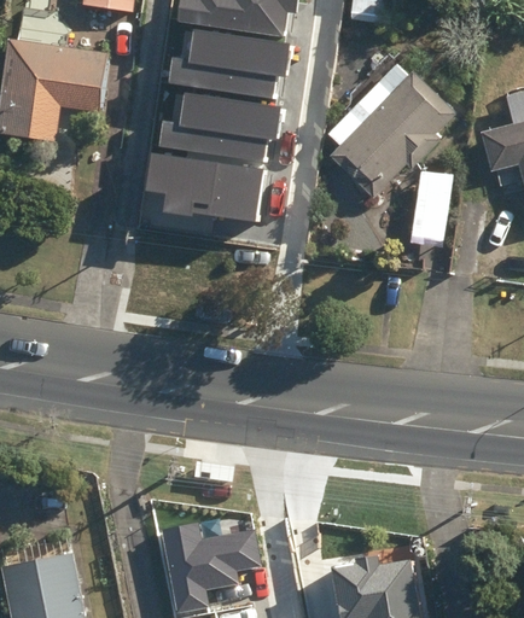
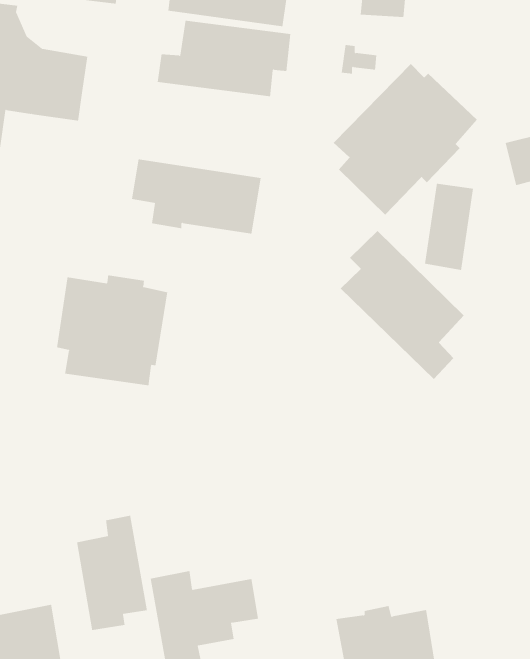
building: [157,92,278,159] -> none
building: none -> [340,230,465,380]
building: none -> [56,274,168,386]
building: none -> [76,515,147,631]

